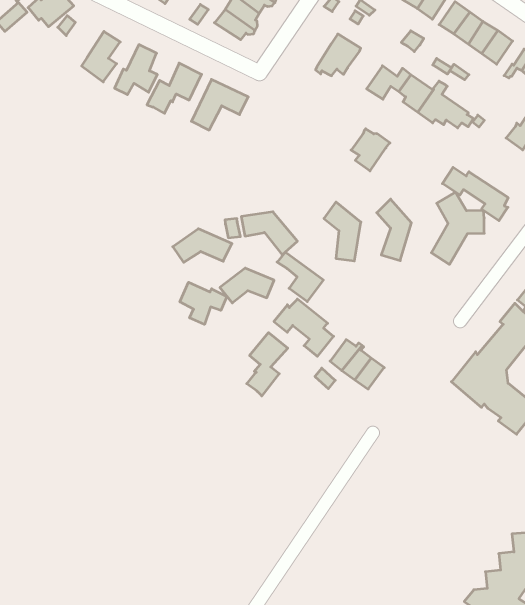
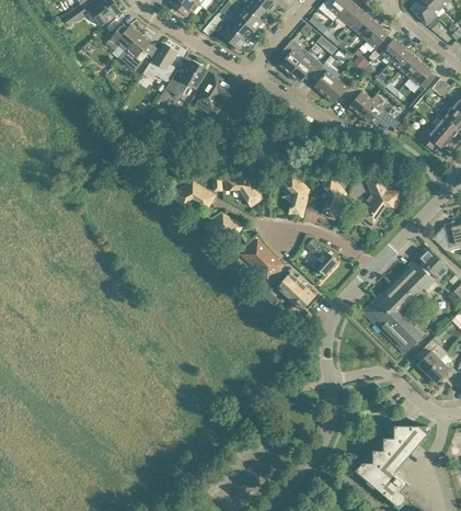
building: none -> [276,39,308,75]
building: none -> [106,24,140,50]
building: [351,129,390,171] -> [312,64,341,94]
building: [442,167,508,221] -> none
building: [277,252,323,302] -> [306,239,337,276]
building: [180,282,227,324] -> none
building: [247,333,288,396] -> none

